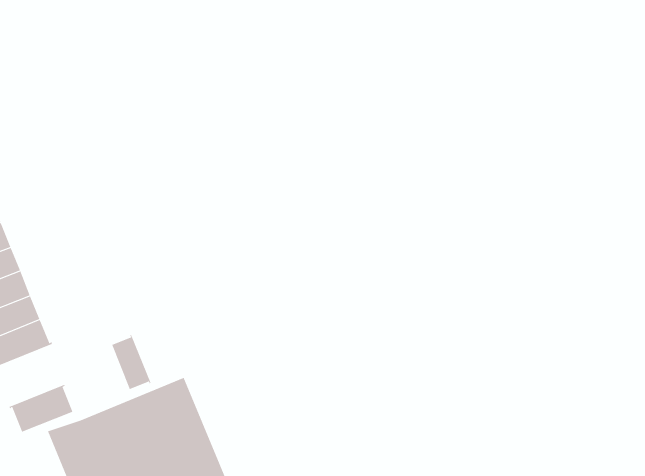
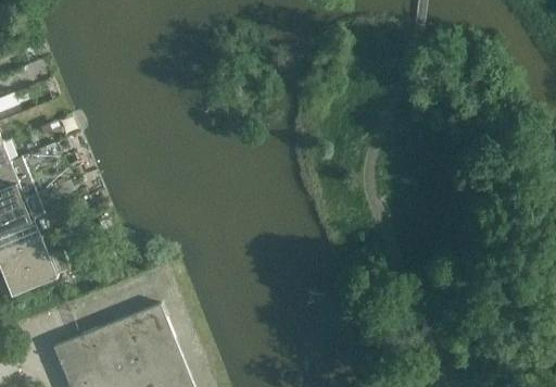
building: [111,334,151,390] -> none
building: [9,384,73,433] -> none

